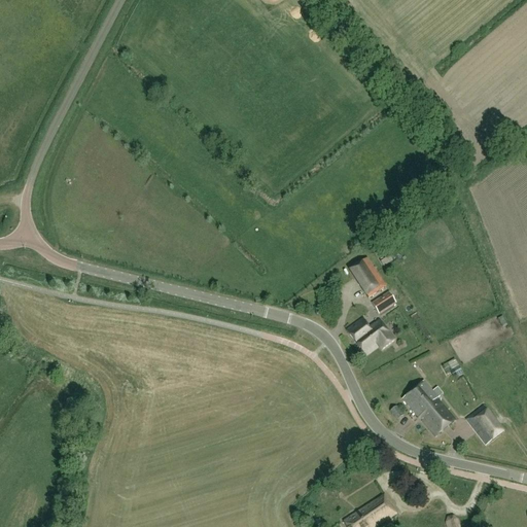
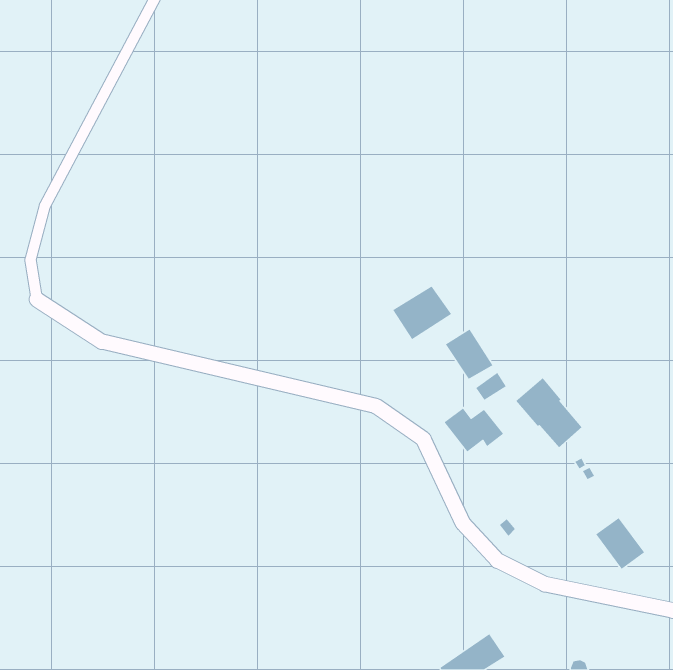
building: none -> [392,285,452,340]
building: [401,379,454,434] -> [515,377,583,448]

